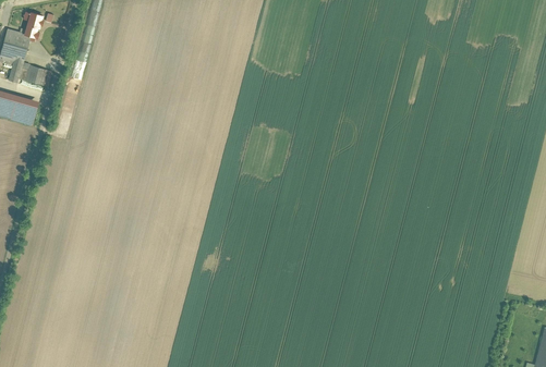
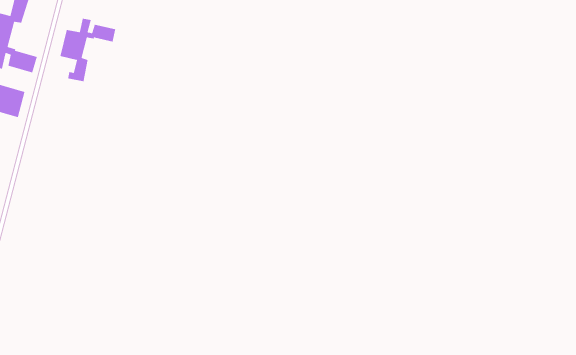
building: none -> [59,18,116,82]

